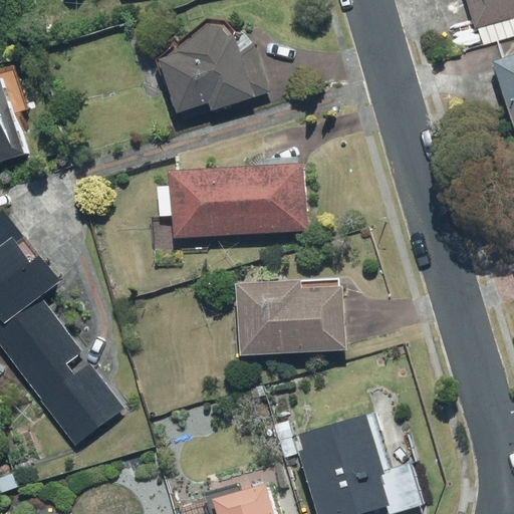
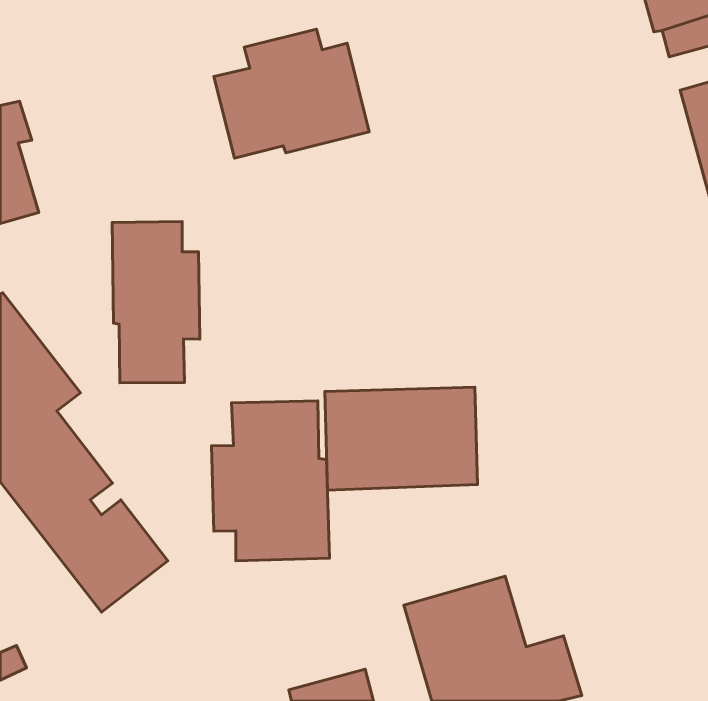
building: none -> [112,221,200,383]
building: [157,166,306,235] -> none
building: none -> [211,401,329,561]

